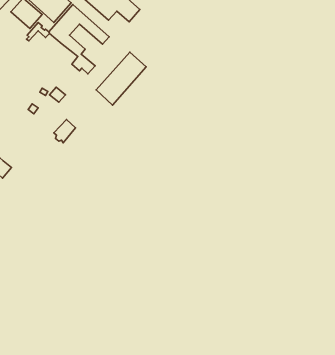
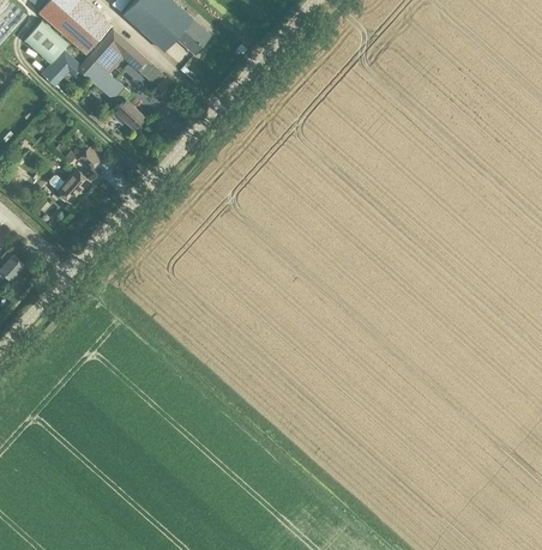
building: [96,52,146,105] -> none
building: [54,120,75,143] -> [59,170,90,204]

